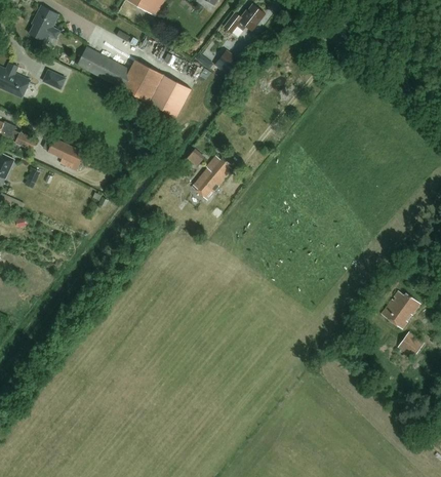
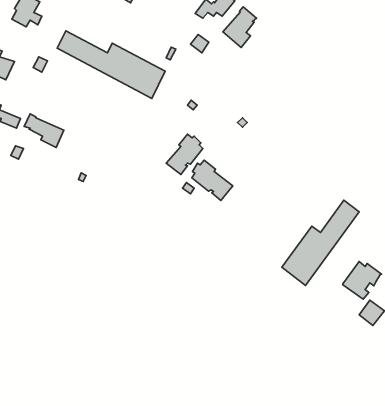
building: none -> [223,7,257,47]
building: none -> [192,160,233,200]
building: none -> [282,200,359,285]

